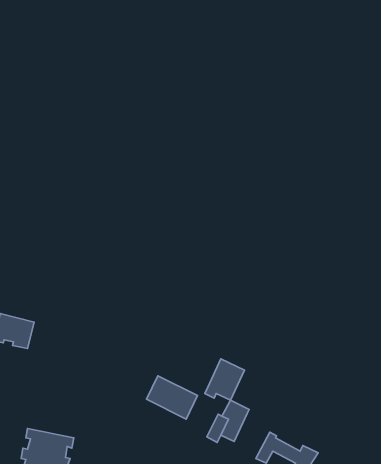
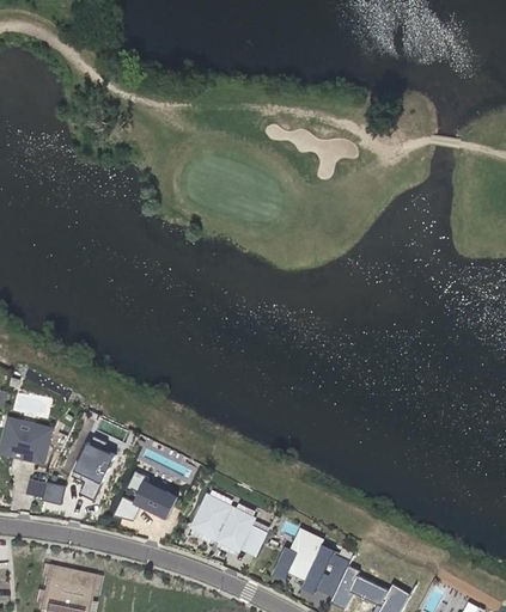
building: none -> [71,436,115,501]
building: none -> [112,472,177,524]
building: none -> [26,476,67,503]
building: [205,359,244,400] -> [300,545,350,598]

